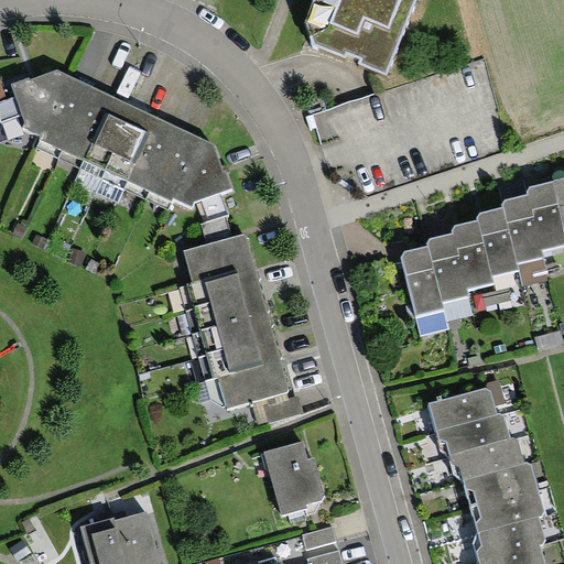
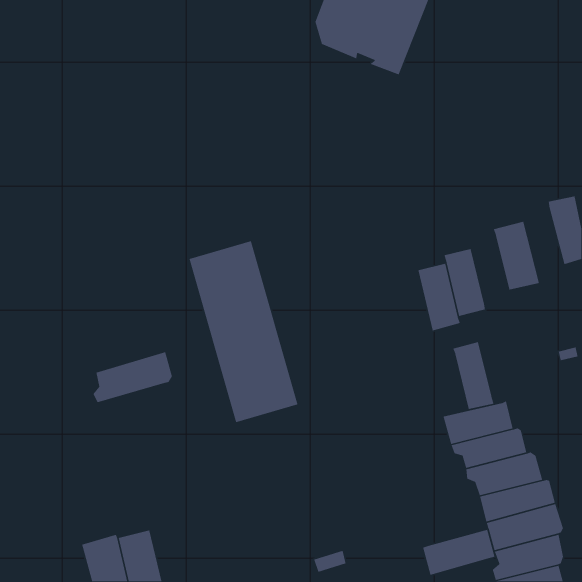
building: [8,67,230,205] -> none
building: [503,200,549,285] -> none
building: [452,227,492,293] -> [452,341,495,410]
building: none -> [93,351,173,403]
building: [264,447,326,518] -> none
building: none -> [422,529,495,576]

